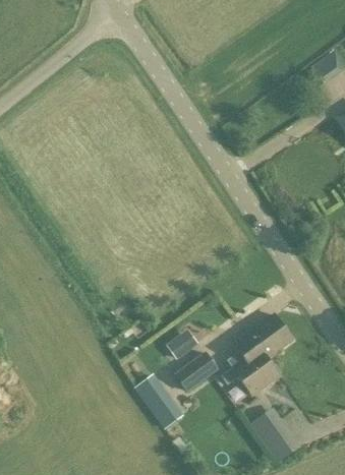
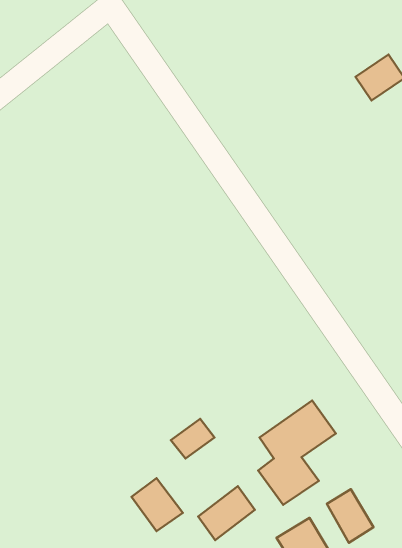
building: [175,351,219,393] -> [198,486,255,540]
building: none -> [327,489,374,543]

